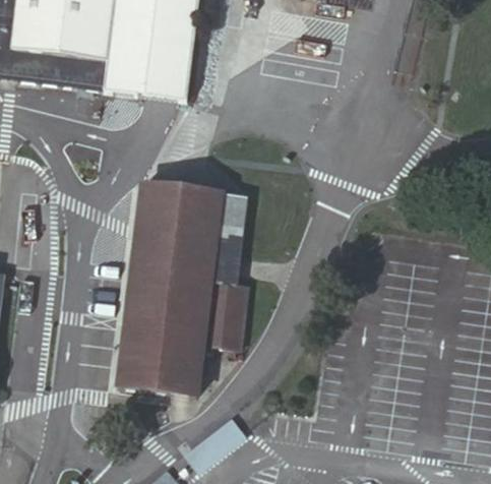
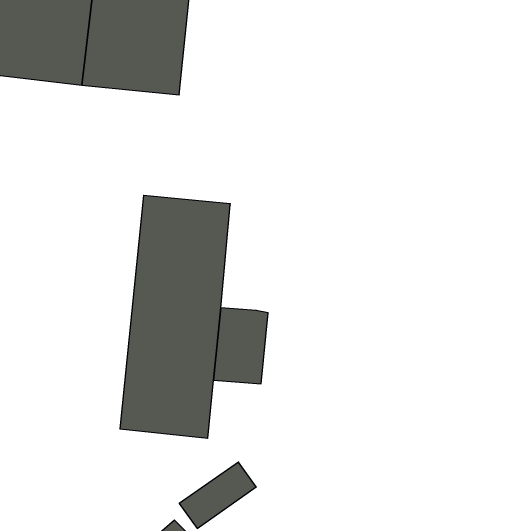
building: [207,191,246,282] -> none

